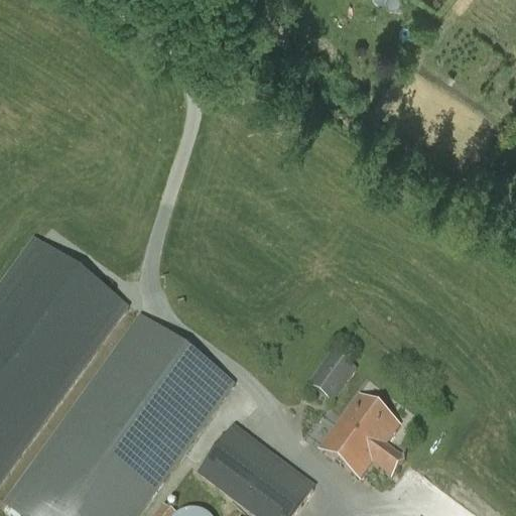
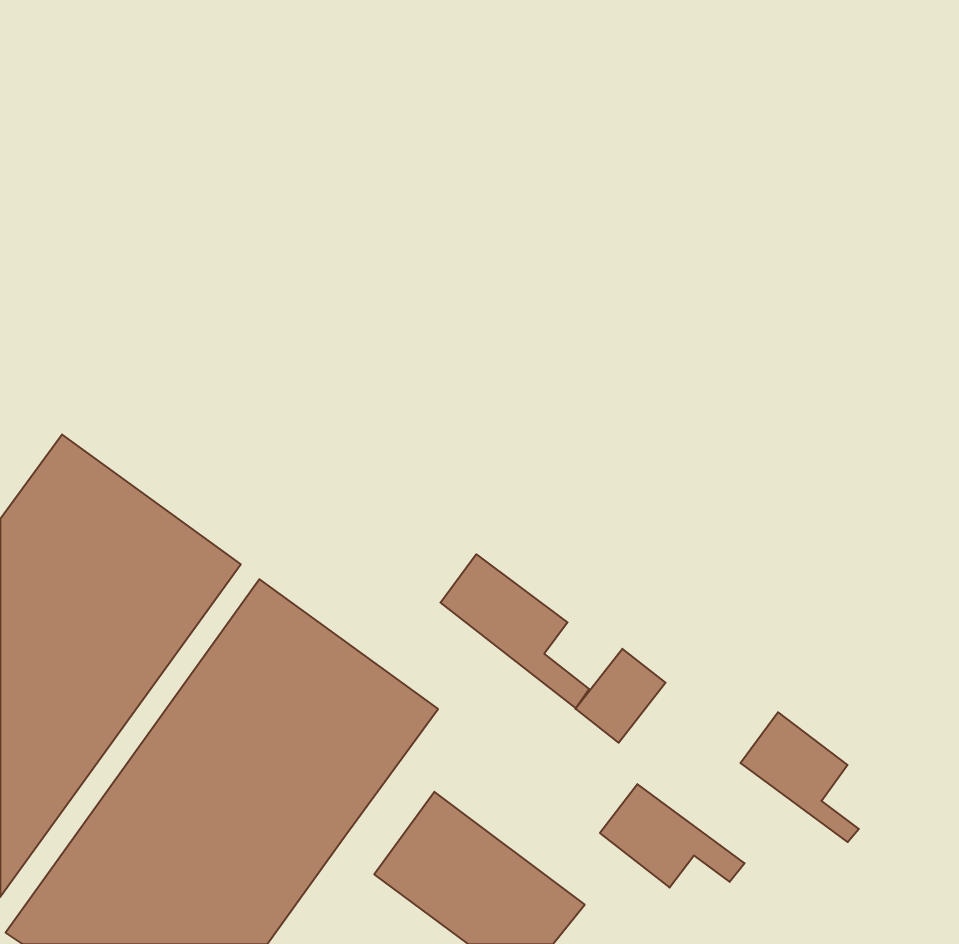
building: none -> [440,554,589,708]
building: [343,393,406,463] -> [740,712,859,842]

